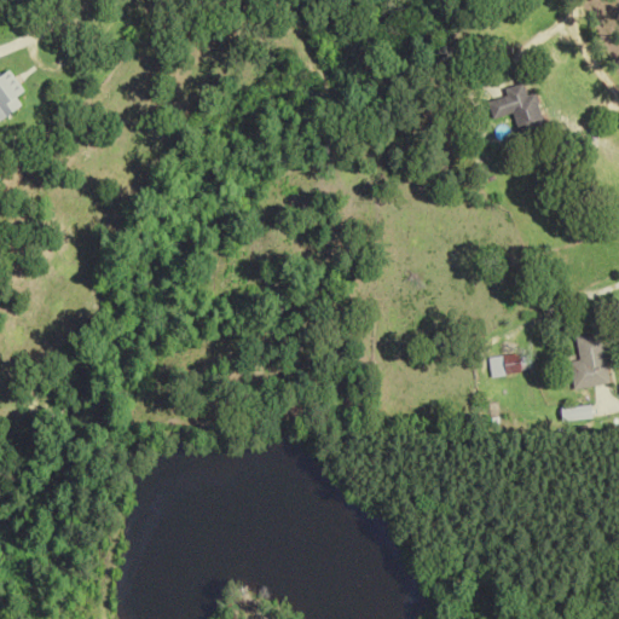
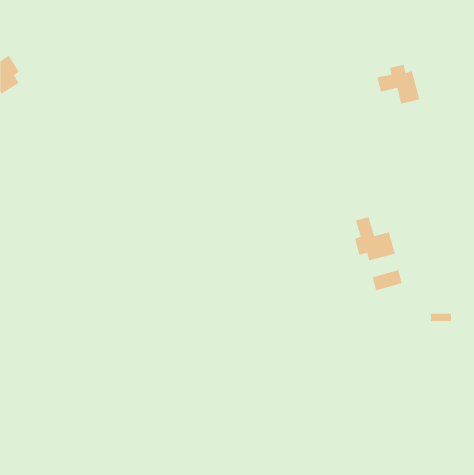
building: none -> [354,216,396,261]
building: [566,332,607,389] -> none

